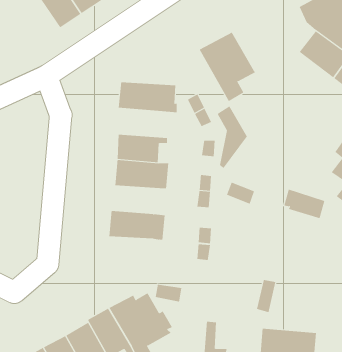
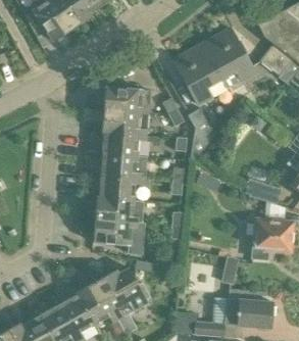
building: none -> [201,28,255,88]
building: none -> [102,109,147,135]
building: none -> [97,176,143,200]
building: none -> [94,220,139,244]
building: none -> [252,221,291,258]

